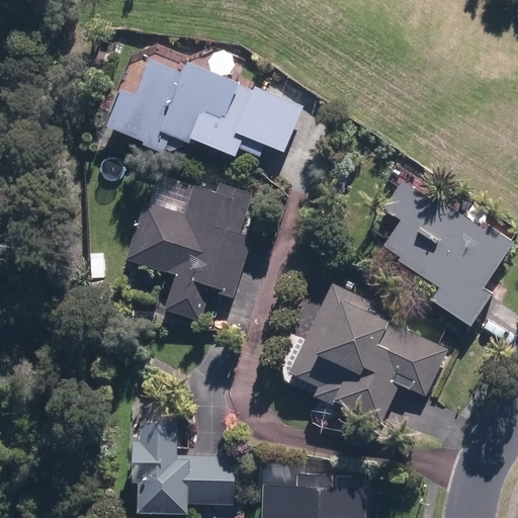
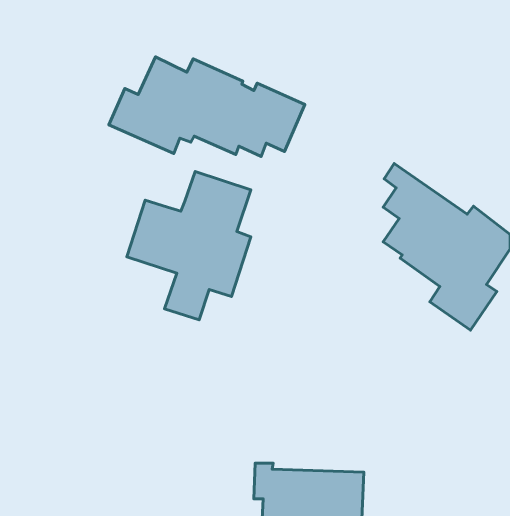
building: [290,284,448,416] -> none
building: [131,420,234,512] -> none

